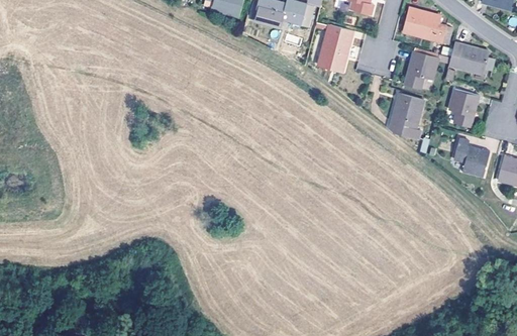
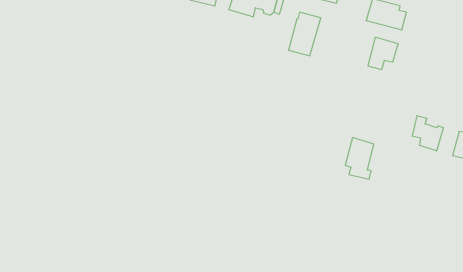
building: [455,43,490,76] -> none
building: [448,89,478,127] -> none
building: [392,93,423,138] -> [345,138,374,179]

